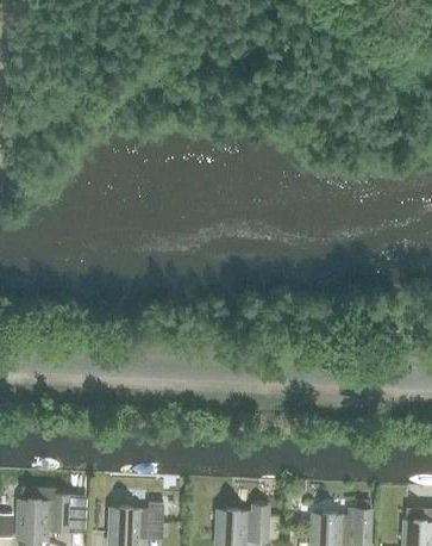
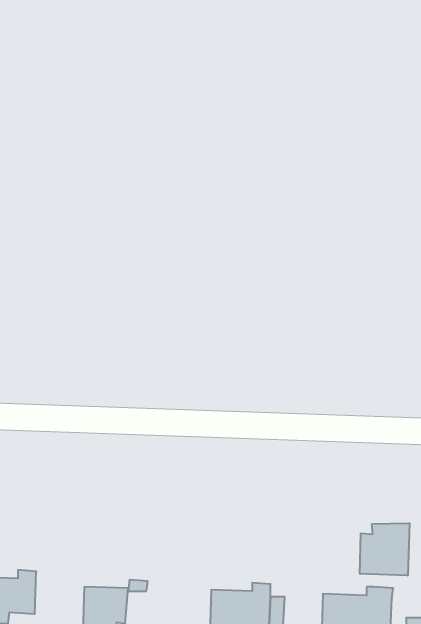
building: none -> [360,523,409,576]

